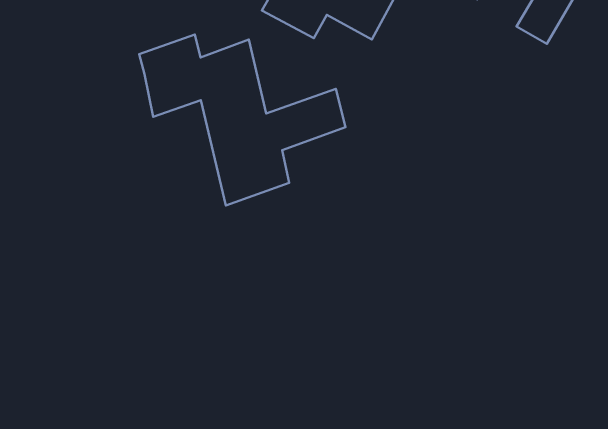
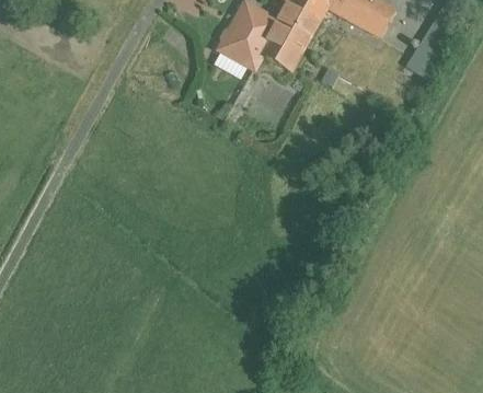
building: [139,35,345,206] -> none

